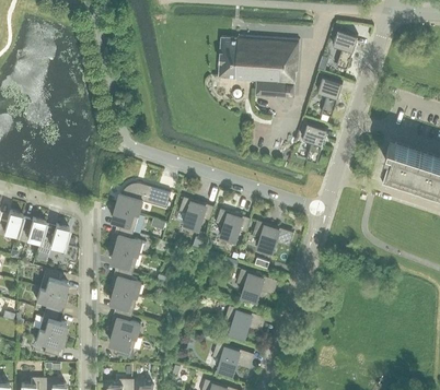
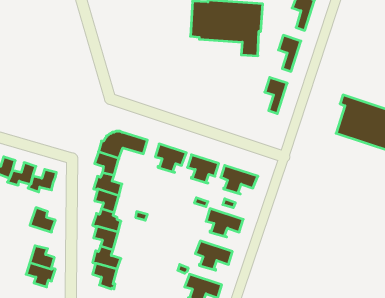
building: [36,287,68,314] -> none

